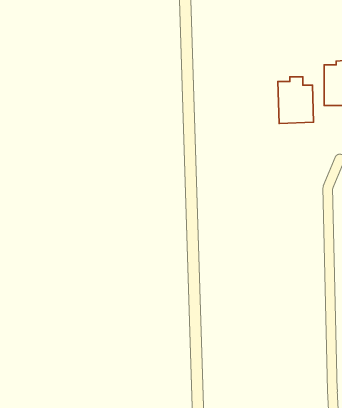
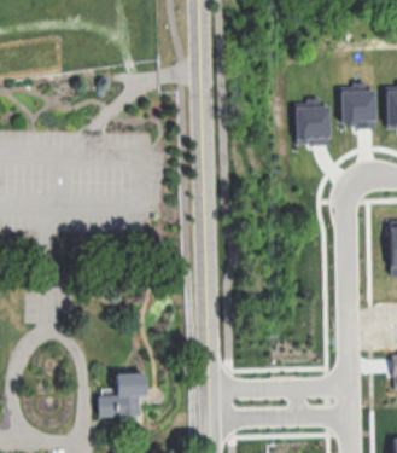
building: none -> [97,374,145,417]

